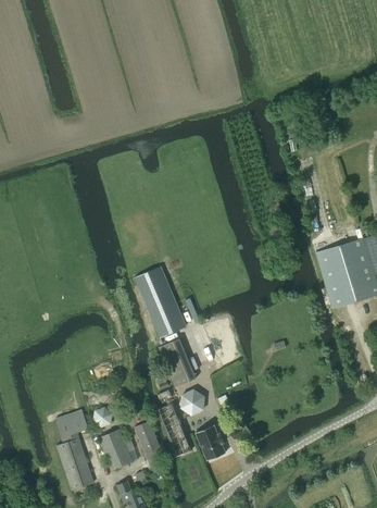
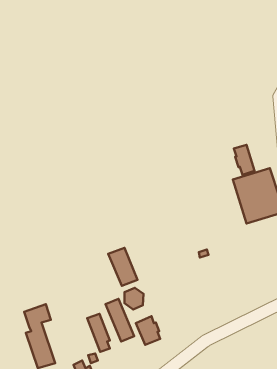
building: none -> [234,145,254,175]
building: [135,267,185,337] -> none
building: [98,429,133,471] -> none

